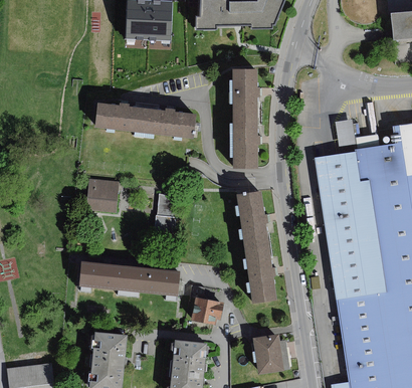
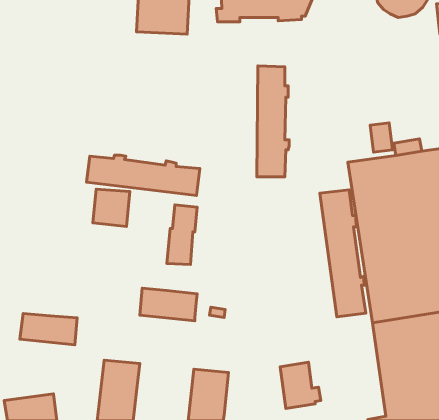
building: [94,103,196,139] -> [86,155,200,196]
building: [236,190,277,304] -> [320,190,366,317]
building: [78,263,130,292] -> [20,313,77,345]
building: [191,297,223,325] -> none

